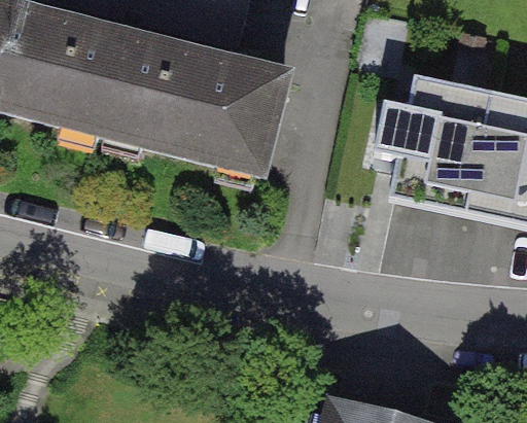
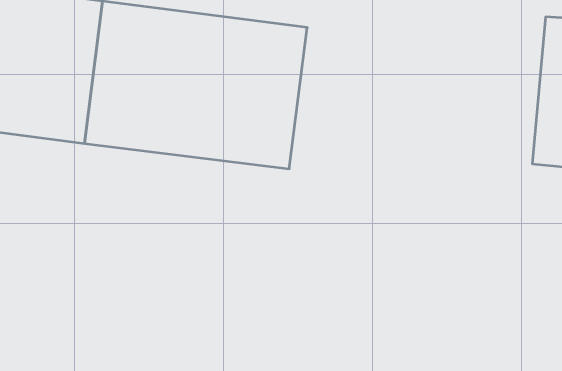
building: [384,78,488,213] -> none

